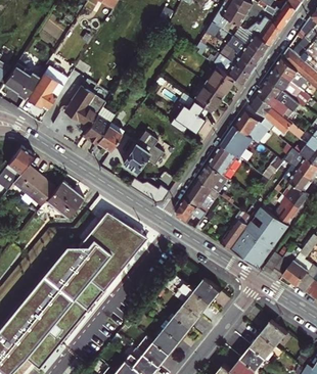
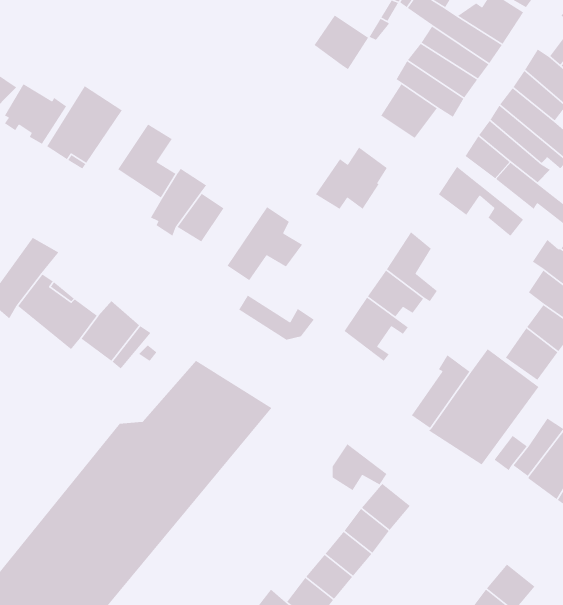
building: [193,83,223,112] -> [314,14,369,70]
building: [221,125,254,157] -> none
building: [177,197,207,223] -> [332,443,387,491]

